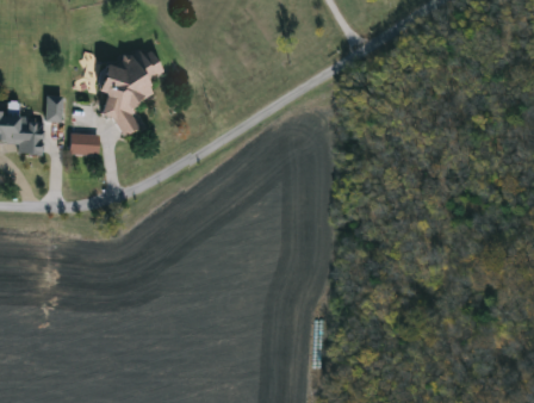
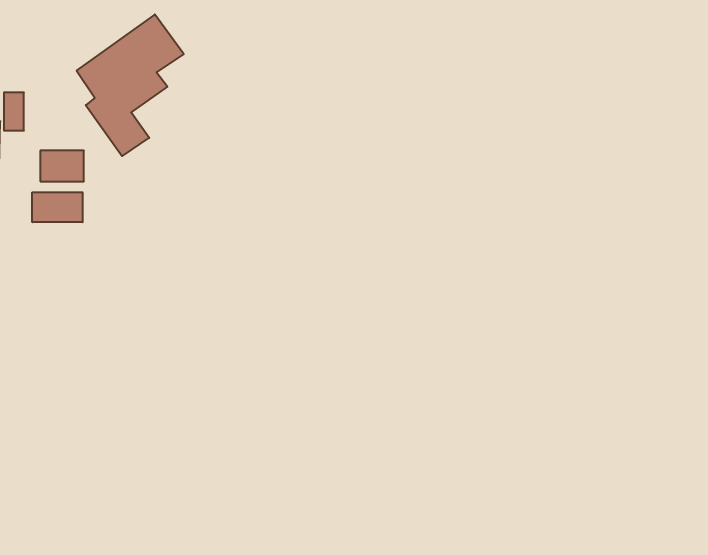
building: none -> [32,192,83,222]

